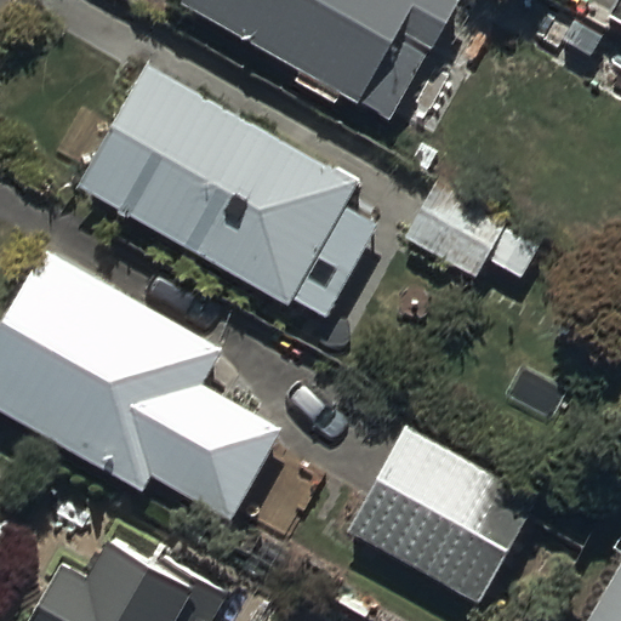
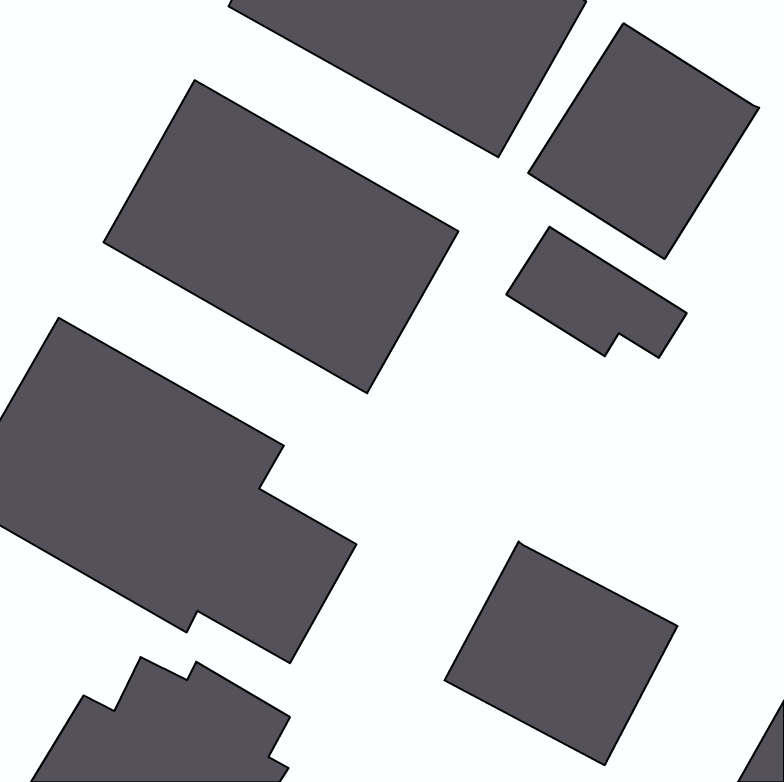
building: none -> [528,23,759,259]

